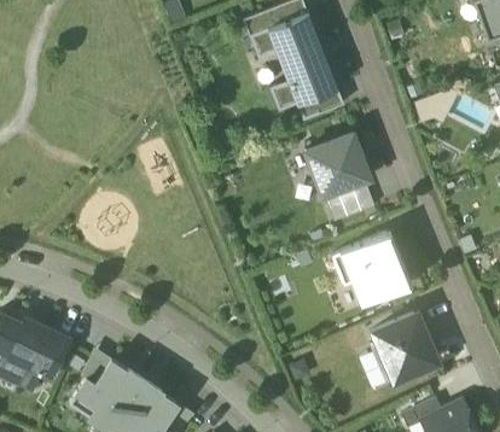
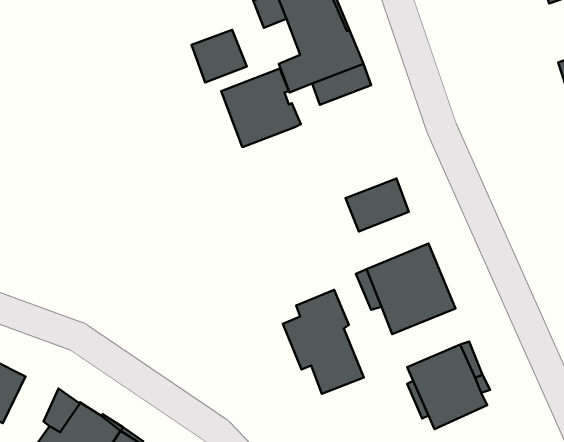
building: none -> [191,30,247,82]
building: [306,133,370,195] -> [221,68,301,147]
building: none -> [283,290,364,394]

